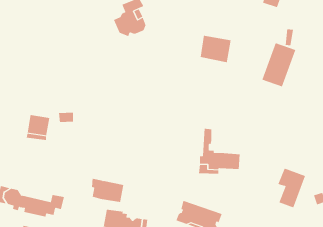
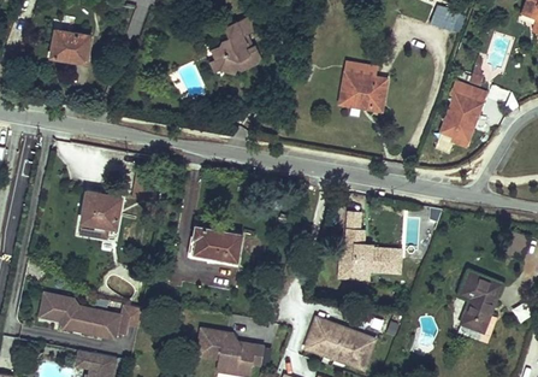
building: none -> [53,30,93,63]
building: [91,178,124,202] -> [194,225,243,261]

